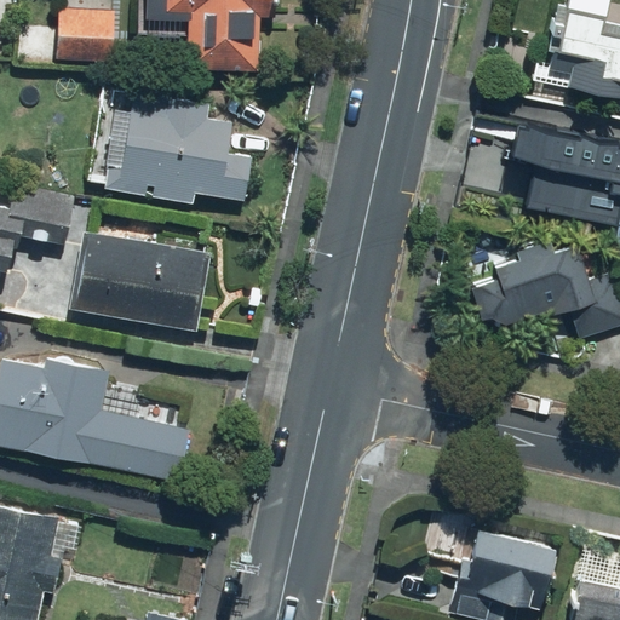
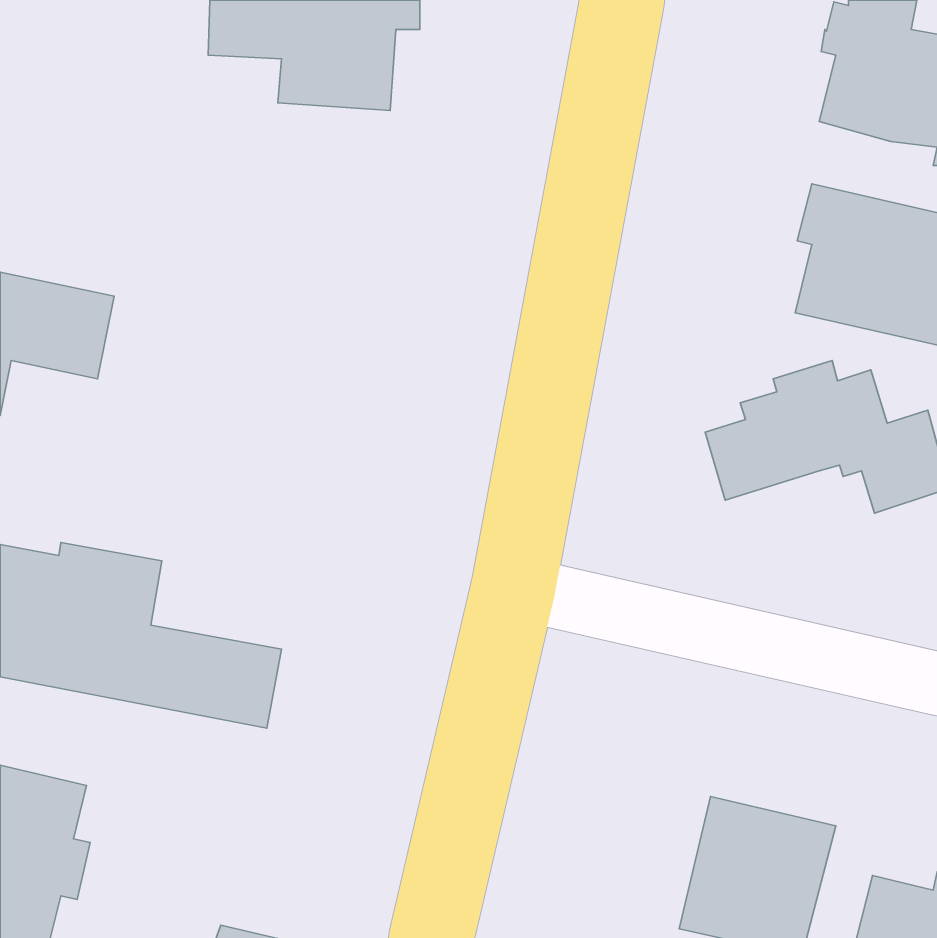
building: [53,6,114,65] -> none
building: [114,88,252,205] -> none
building: [68,232,203,326] -> none

